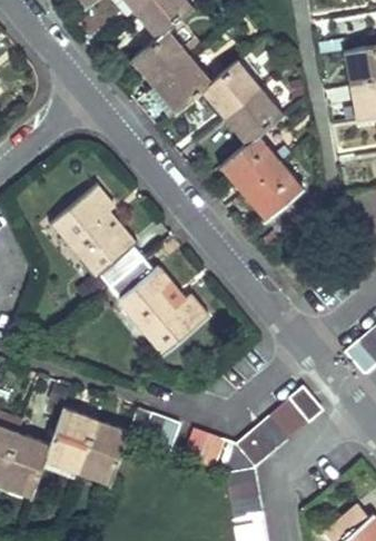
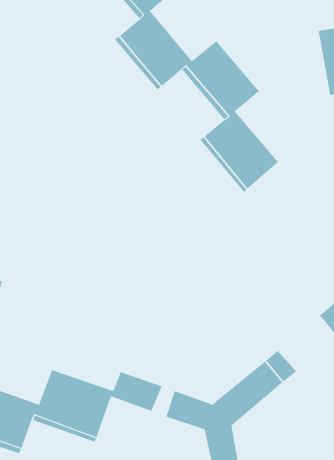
building: [52,183,208,352] -> none

